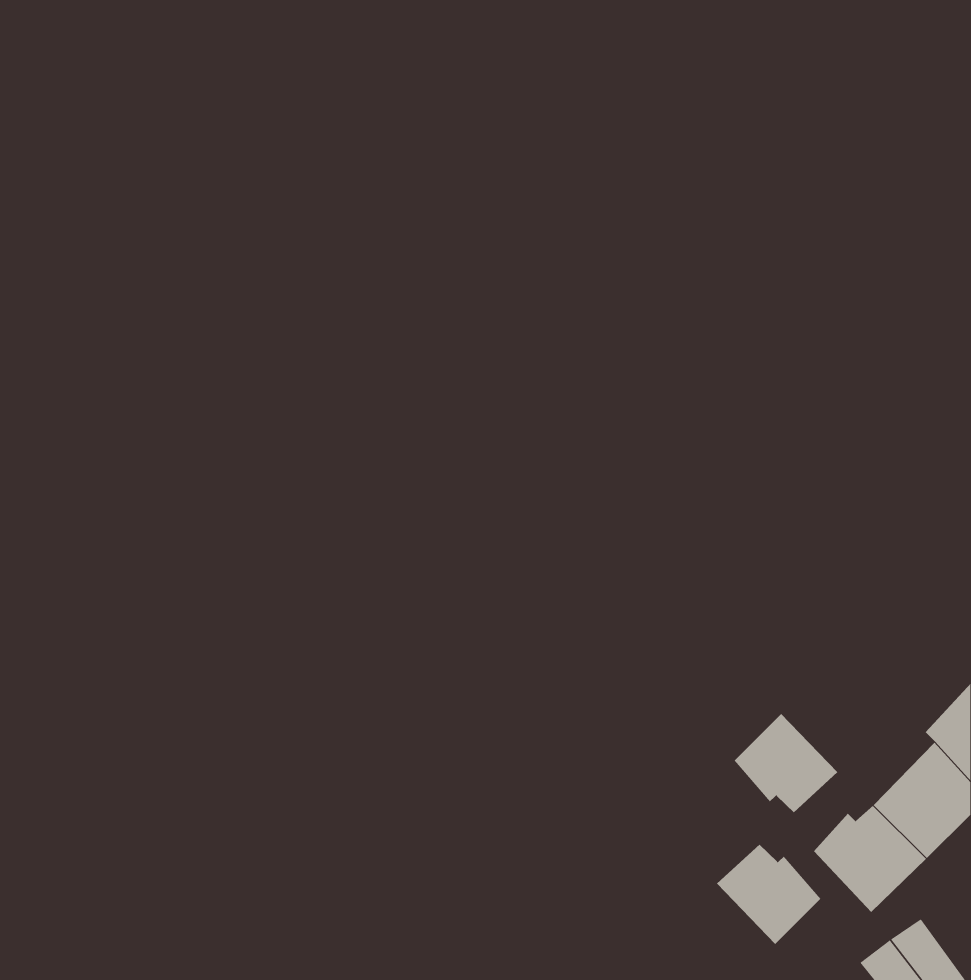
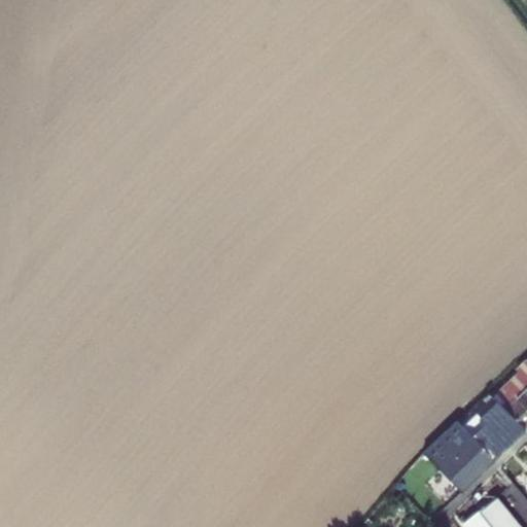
building: [734,713,838,813] -> none
building: [716,844,821,945] -> none

